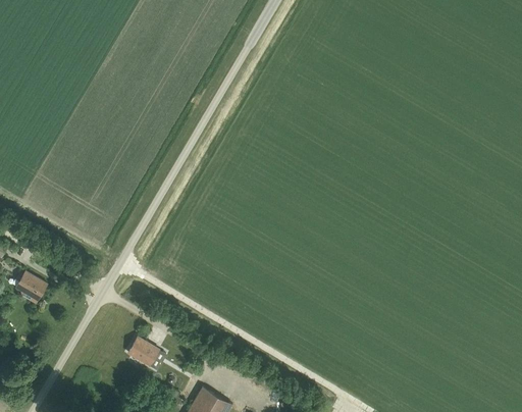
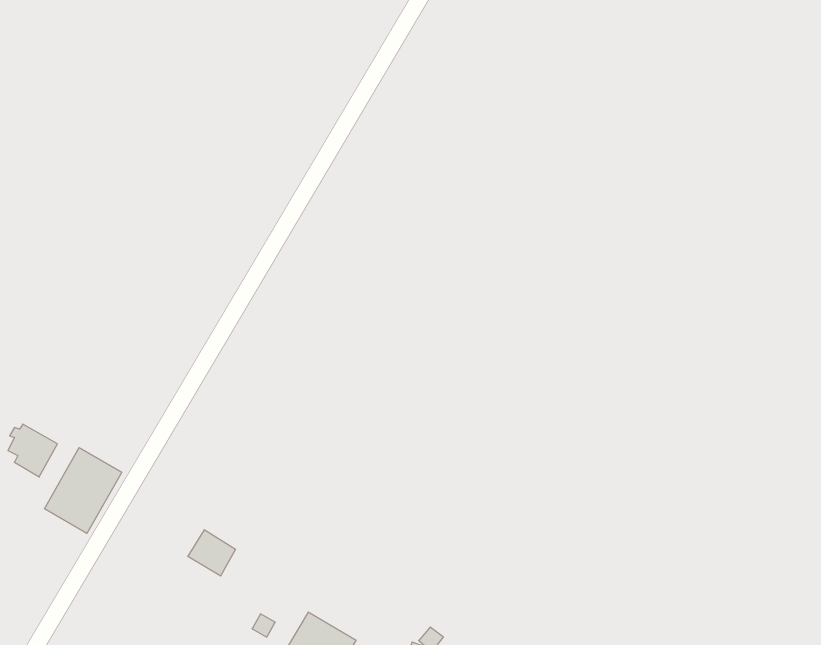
building: none -> [44,448,122,533]

